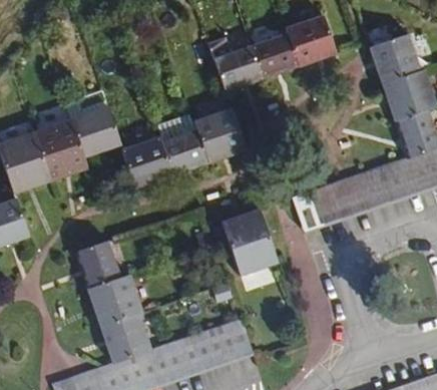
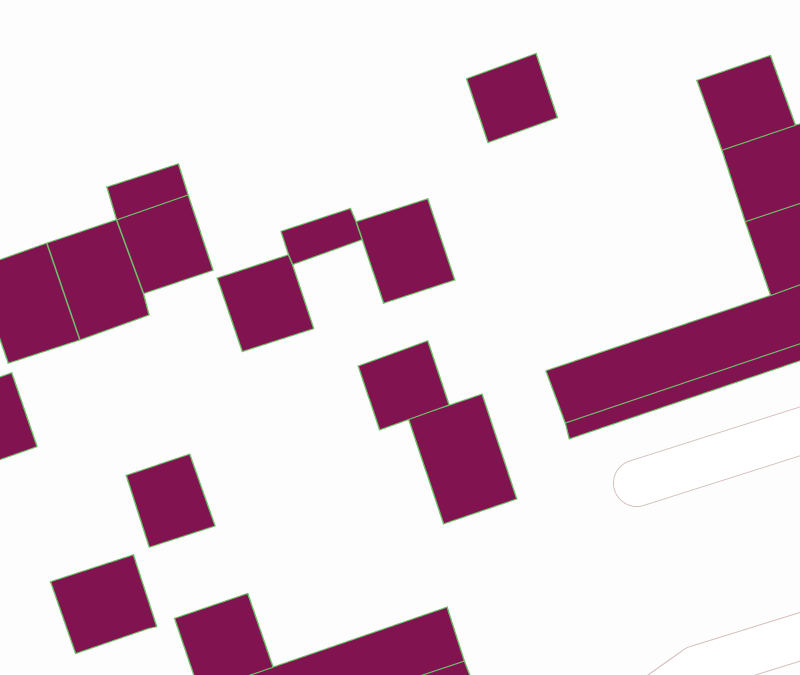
building: [286,14,337,65] -> none
building: [214,45,263,90] -> none
building: [161,128,208,174] -> [358,341,449,430]
building: [87,274,142,325] -> [50,555,157,653]

